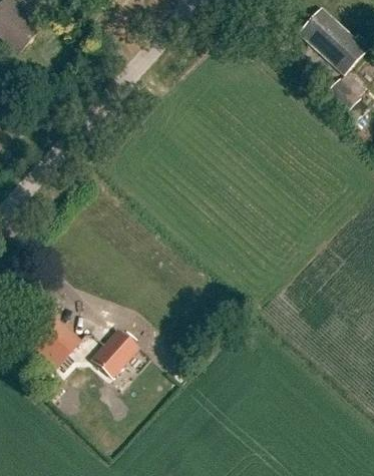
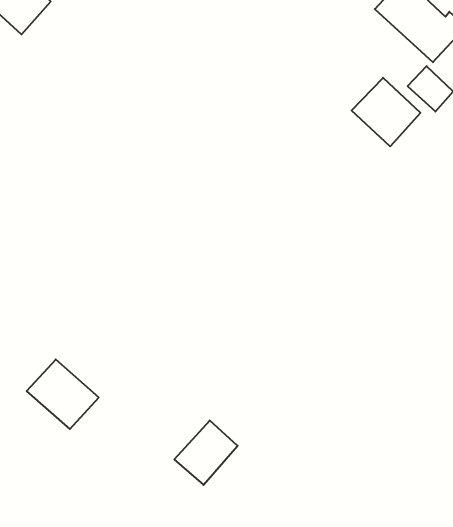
building: none -> [352,78,420,146]
building: [90,328,140,379] -> [174,420,238,485]

